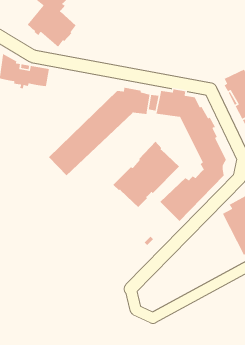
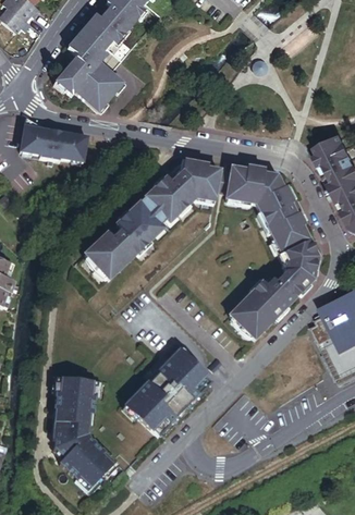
building: [112,141,180,208] -> [123,346,211,434]
building: none -> [52,376,117,490]

